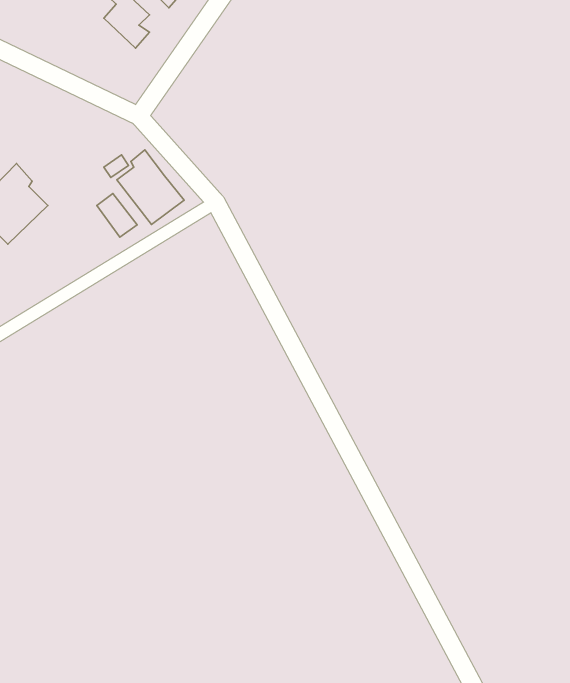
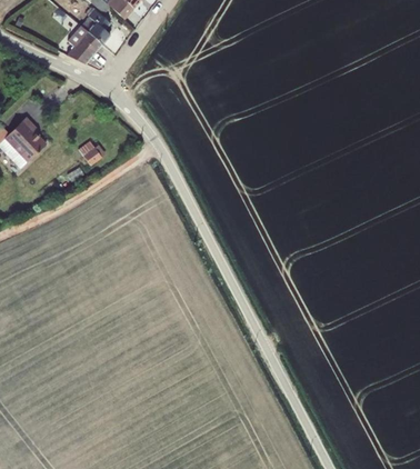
building: none -> [67,24,102,62]
building: [117,150,184,224] -> none

